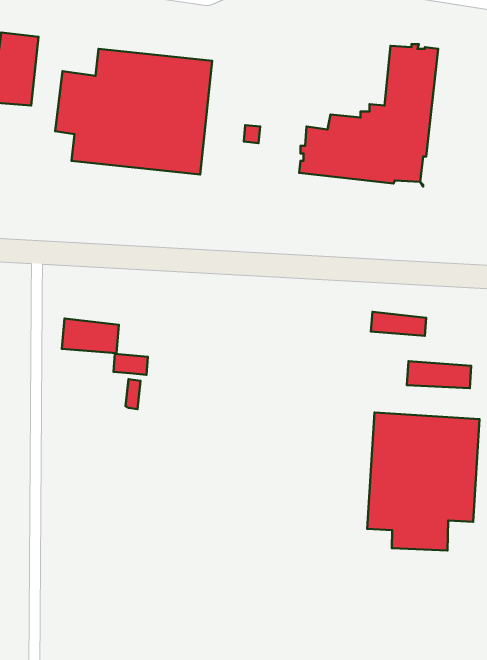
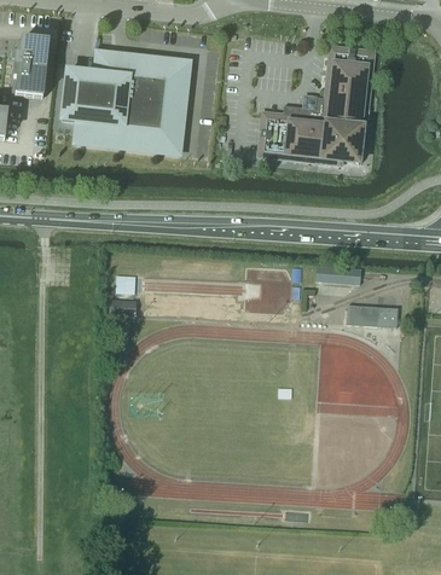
building: [62,319,119,353] -> none
building: [367,413,480,550] -> none

